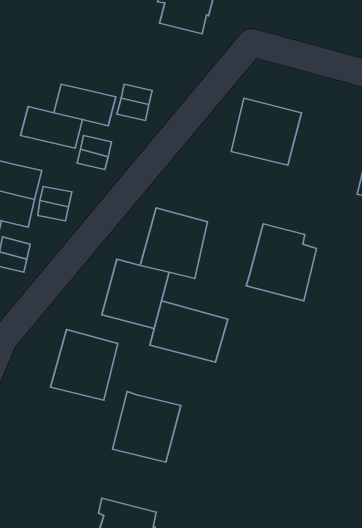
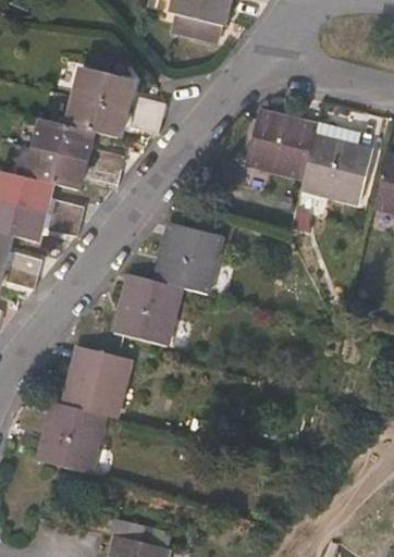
building: none -> [73,66,135,109]
building: none -> [24,148,87,190]
building: [246,224,317,301] -> [300,125,372,203]
building: [150,301,228,362] -> none
building: [112,392,181,462] -> [37,401,107,473]

